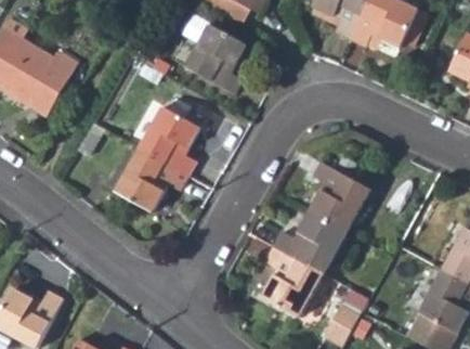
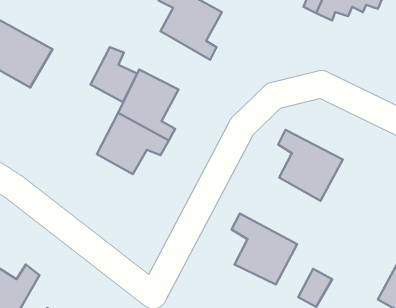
building: none -> [90,47,137,102]
building: [266,208,349,276] -> none

